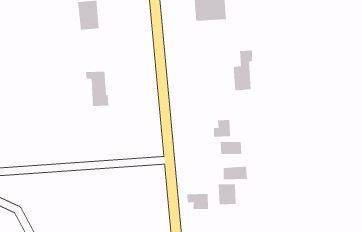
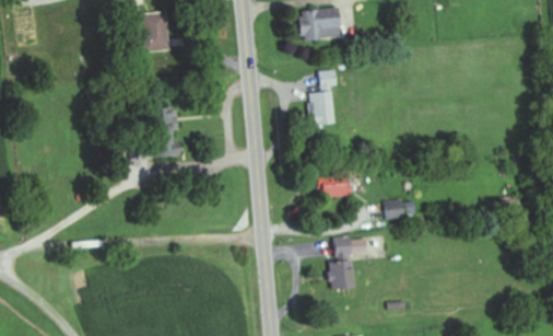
building: [233,50,253,91] -> [309,70,337,126]
building: [220,142,242,154] -> [386,201,416,219]
building: [186,193,209,210] -> none

